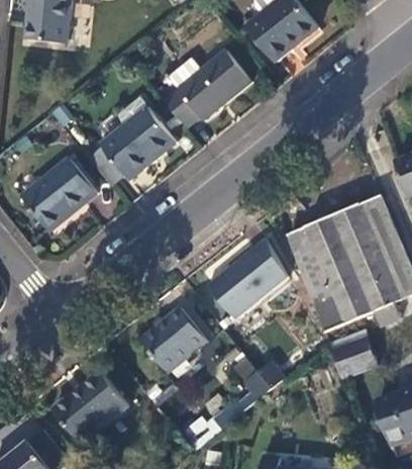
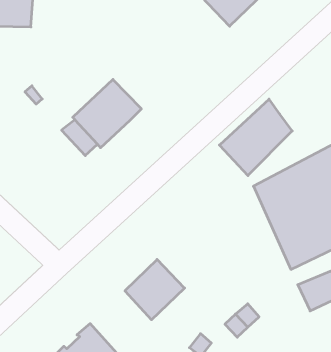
building: [161,52,249,126] -> none
building: [23,162,95,231] -> none
building: [207,238,287,318] -> [219,99,292,176]

